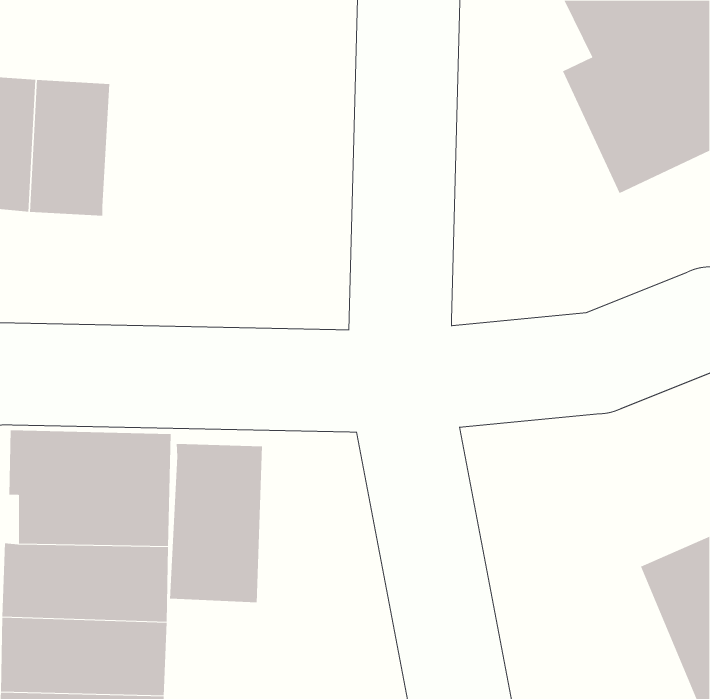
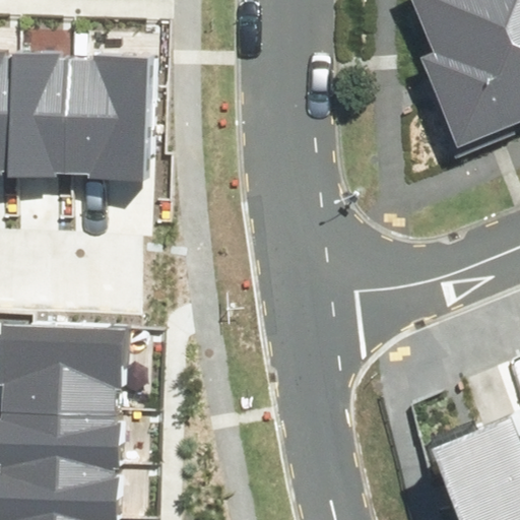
building: none -> [75,71,158,164]
building: [169,443,262,603] -> none

